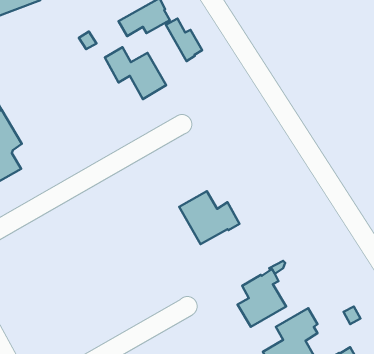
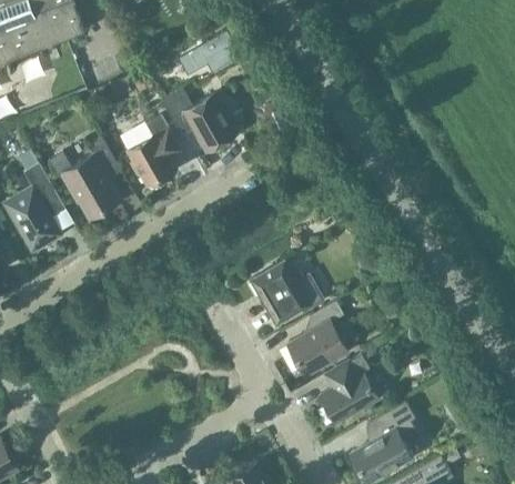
building: [166,18,202,61] -> none
building: none -> [125,115,181,186]
building: none -> [48,138,120,220]
building: none -> [286,302,346,376]

